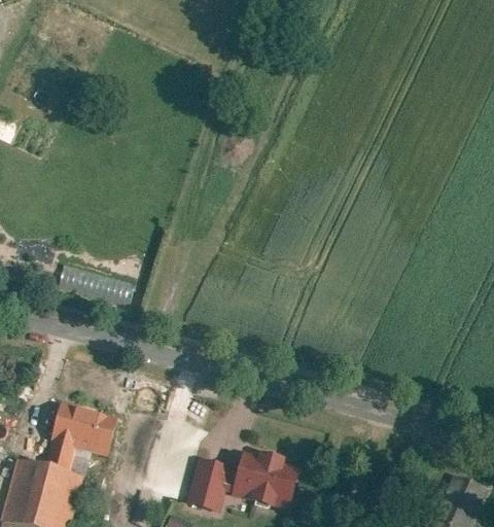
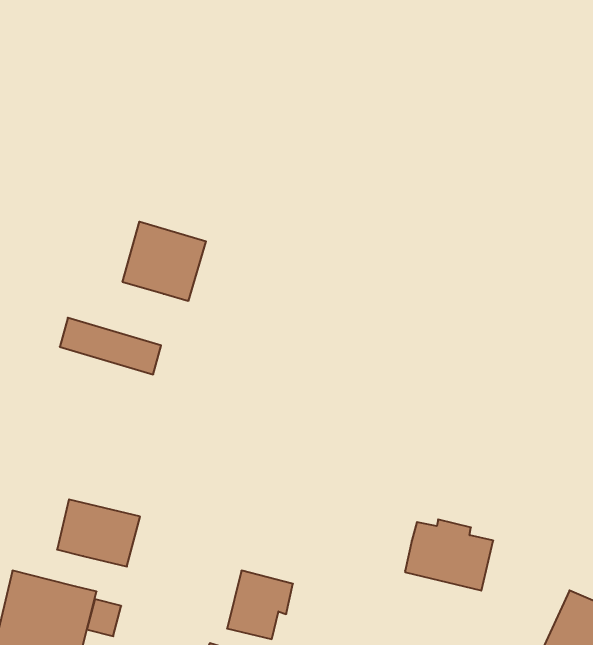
building: none -> [123,222,206,301]
building: [46,443,73,471] -> [87,599,121,636]
building: [232,453,301,508] -> [405,519,493,591]

